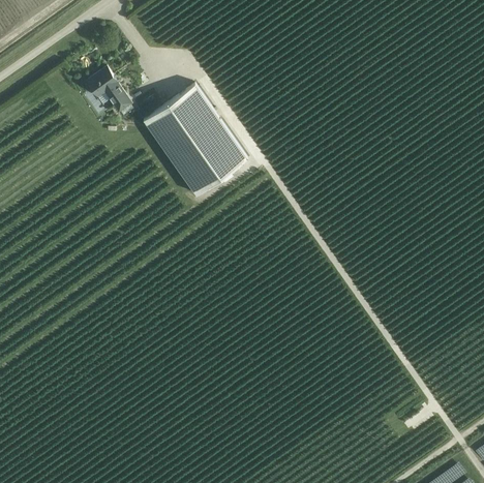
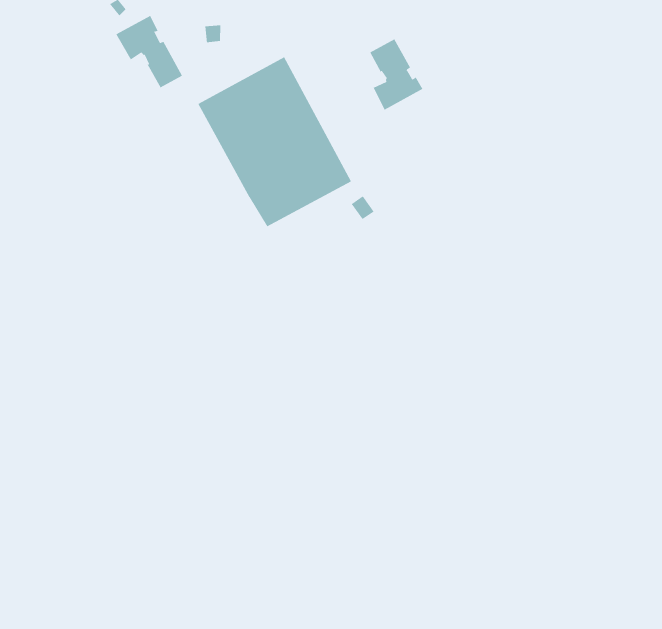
building: none -> [370,38,423,110]

